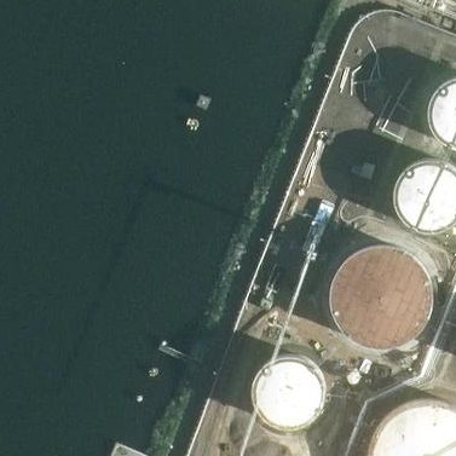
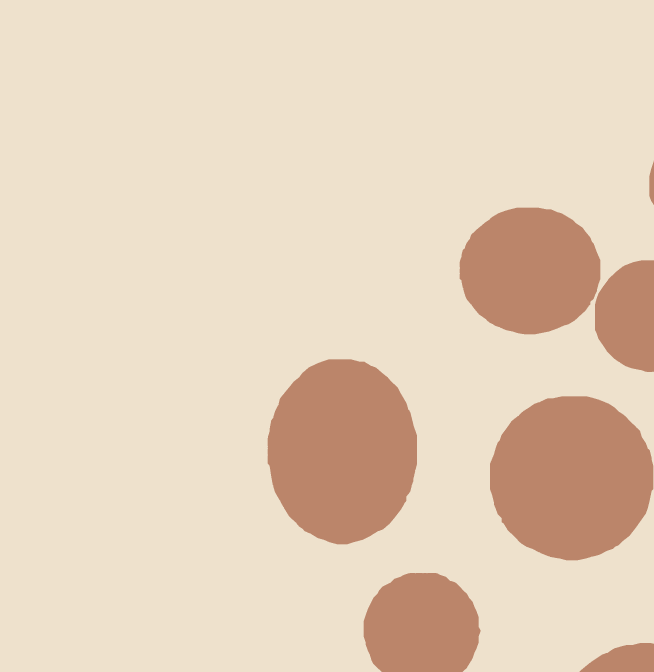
building: none -> [459,207,601,335]
building: none -> [267,359,418,545]

